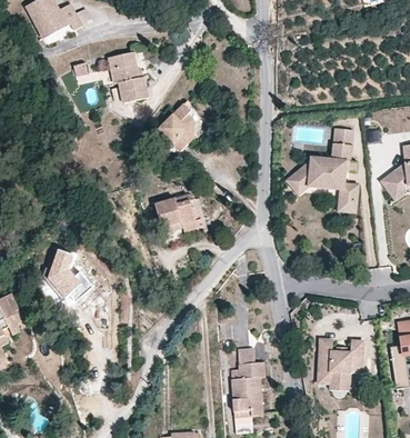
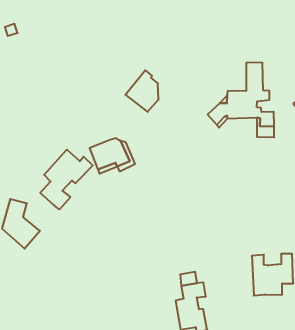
building: [108,50,148,101] -> none
building: [159,104,196,150] -> [125,70,159,112]
building: none -> [40,150,93,209]

